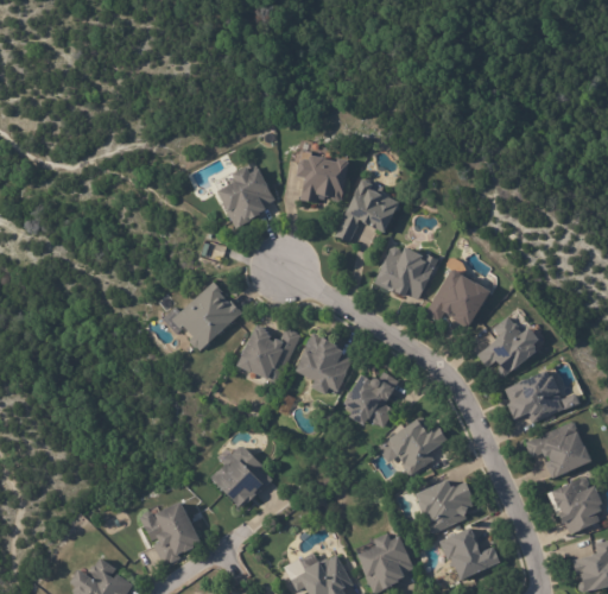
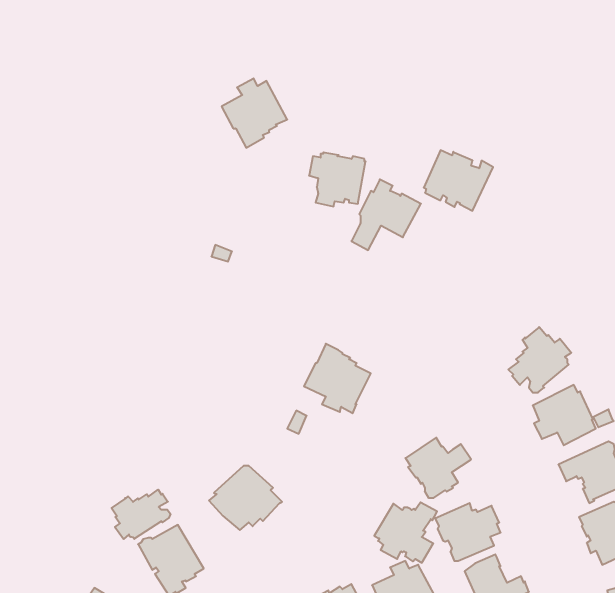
building: [215,163,276,227] -> [222,78,287,148]
building: [373,244,437,299] -> [424,150,493,211]
building: [426,270,488,327] -> none
building: [170,280,245,349] -> none
building: [234,327,302,384] -> none
building: [343,371,401,426] -> [374,502,437,563]
building: none -> [112,490,170,539]

